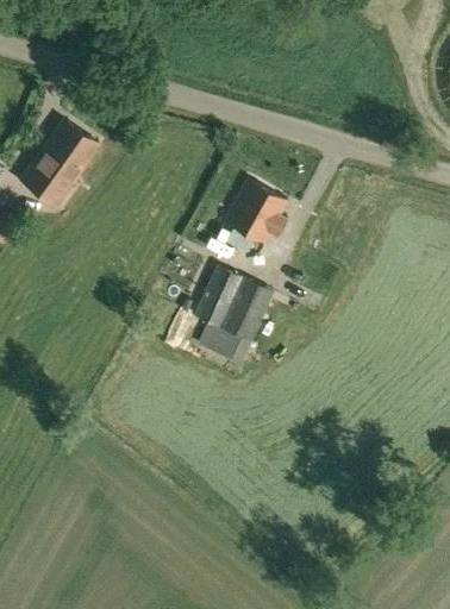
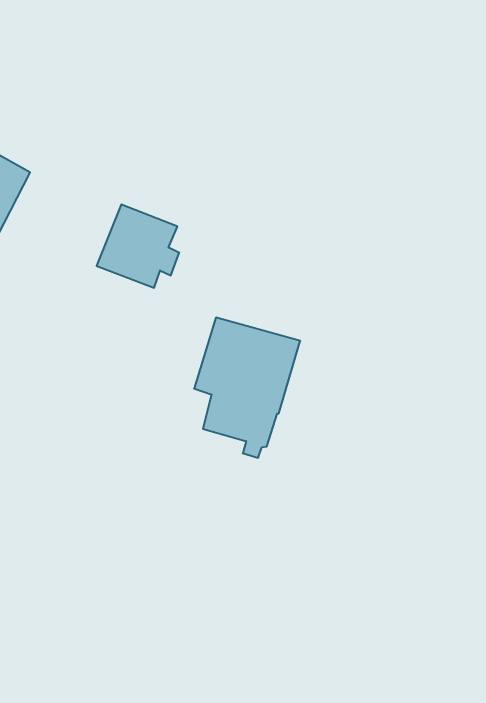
building: [225,181,287,244] -> [97,204,179,288]

